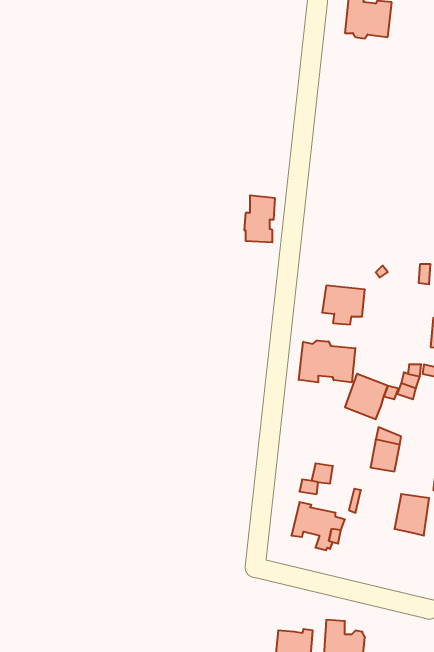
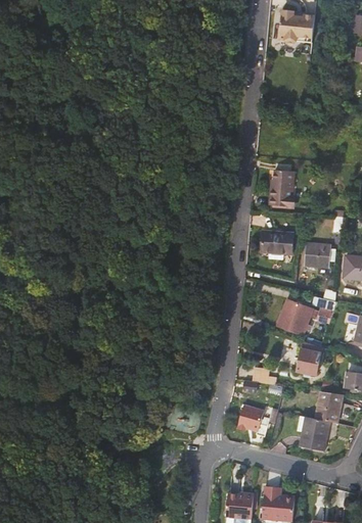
building: [244,196,275,242] -> [269,170,292,205]
building: none -> [304,244,331,268]
building: [299,340,355,382] -> none
building: none -> [301,416,330,449]

